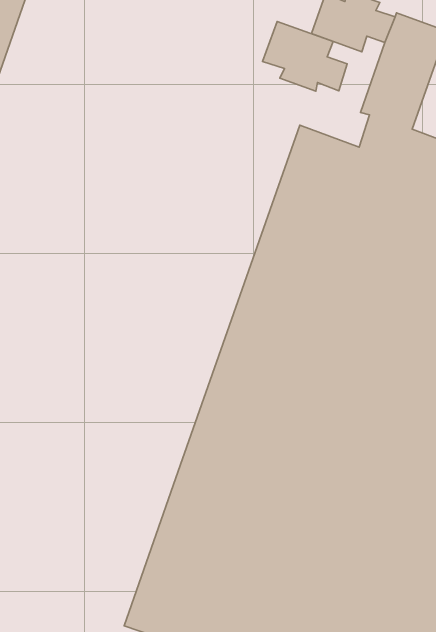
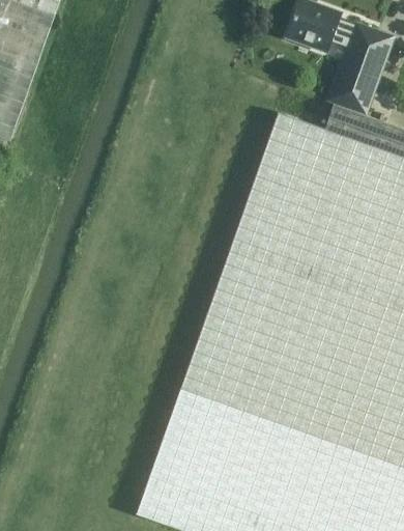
building: [263,21,347,91] -> none

